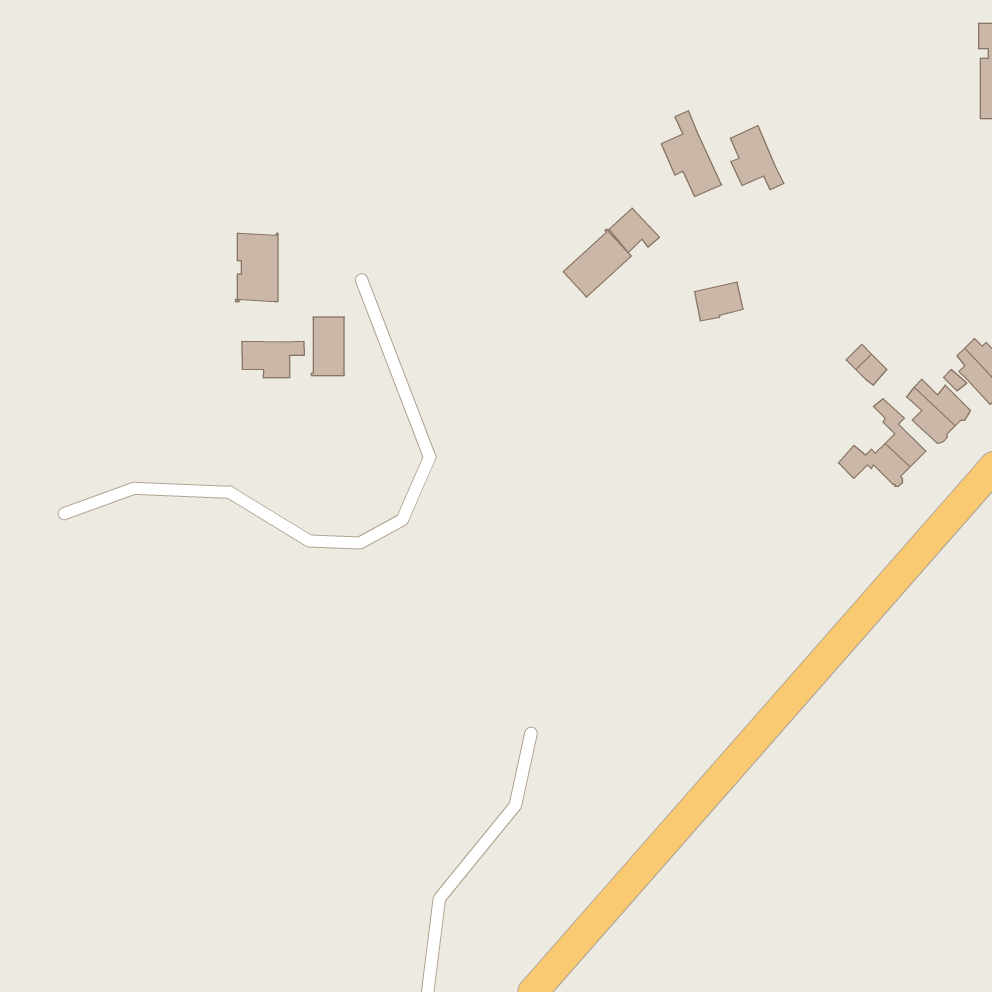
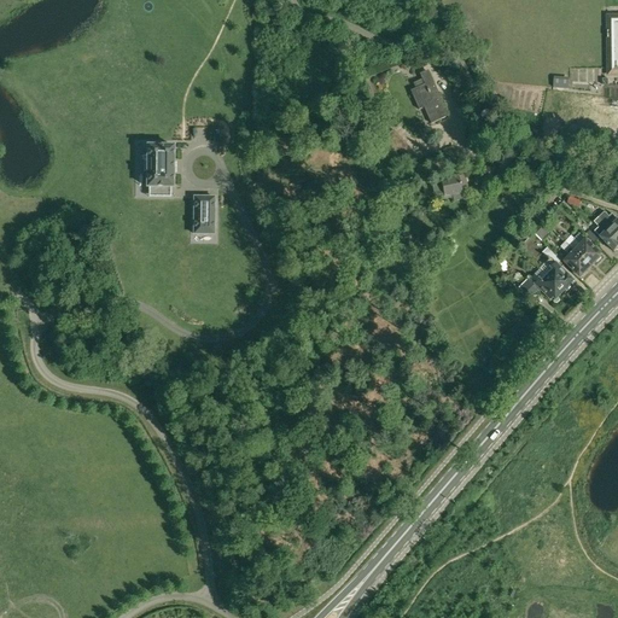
building: [730,125,784,190] -> none
building: [563,229,631,297] -> none
building: [242,341,304,378] -> none

